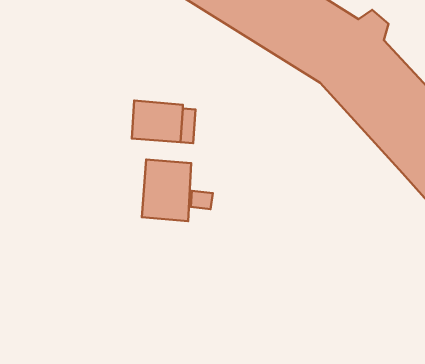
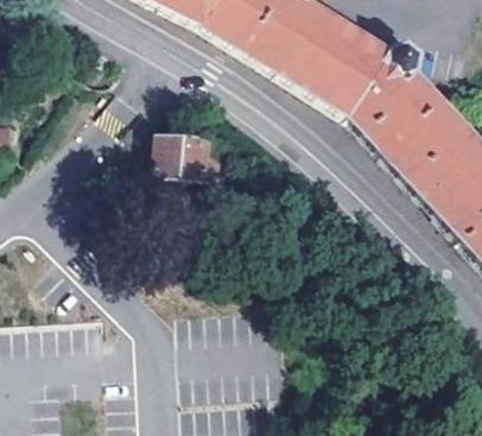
building: [142,160,191,221] -> none

